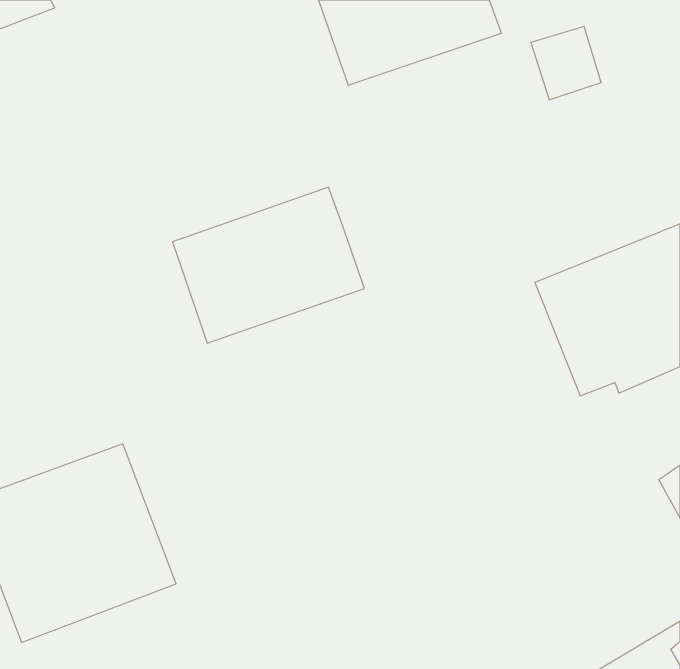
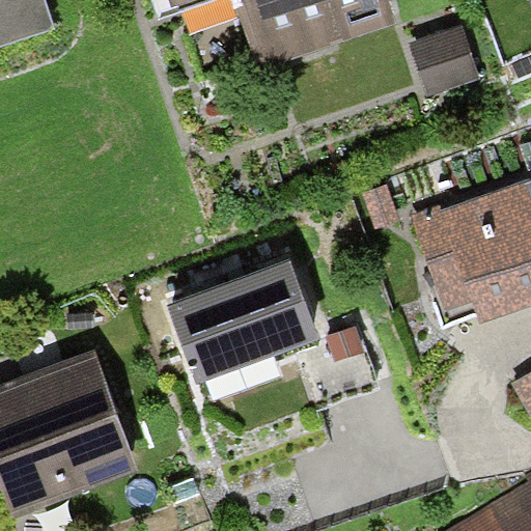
building: [172,187,364,343] -> [168,255,317,376]

